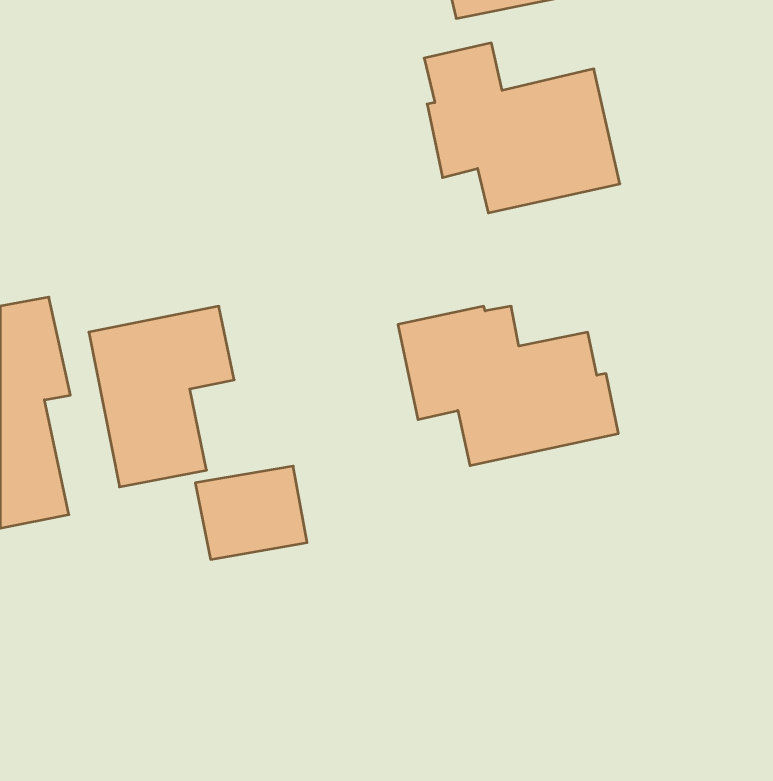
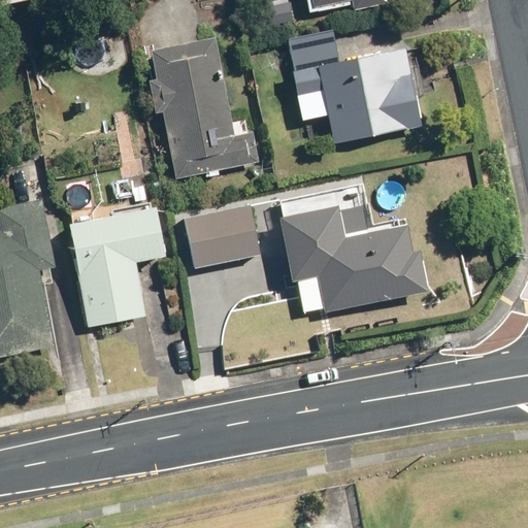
building: none -> [151,36,261,177]
building: [195,466,307,559] -> [184,204,259,267]

